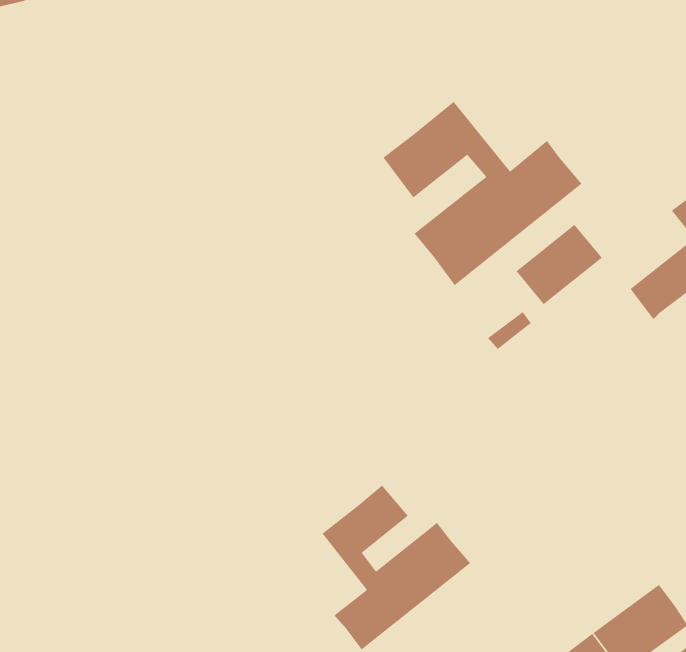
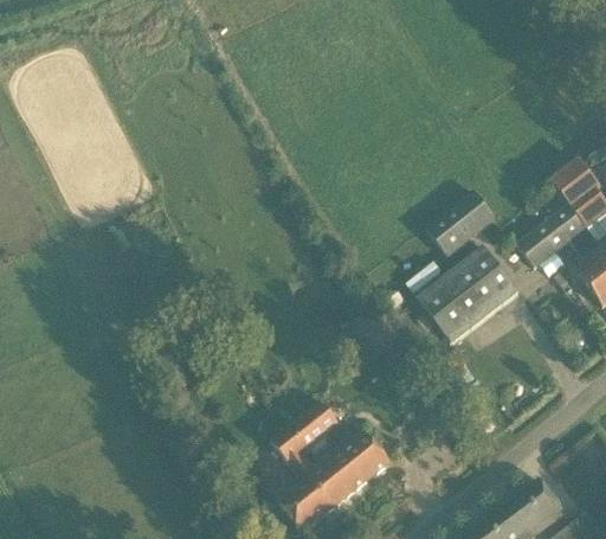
building: [383,101,583,286] -> none
building: none -> [414,243,520,342]

